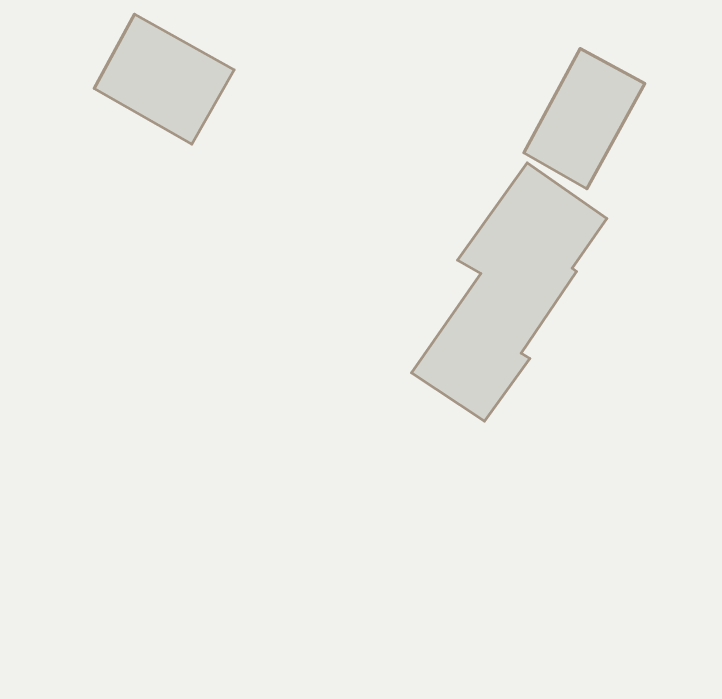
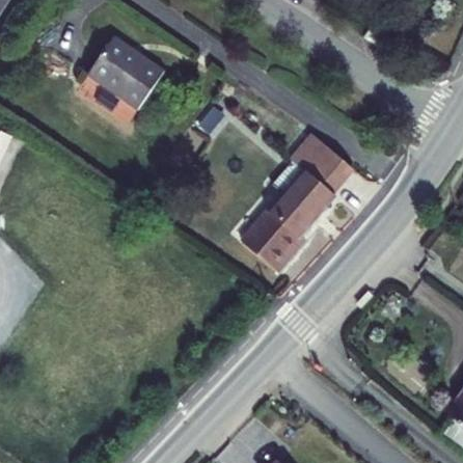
building: [524,49,645,189] -> none

